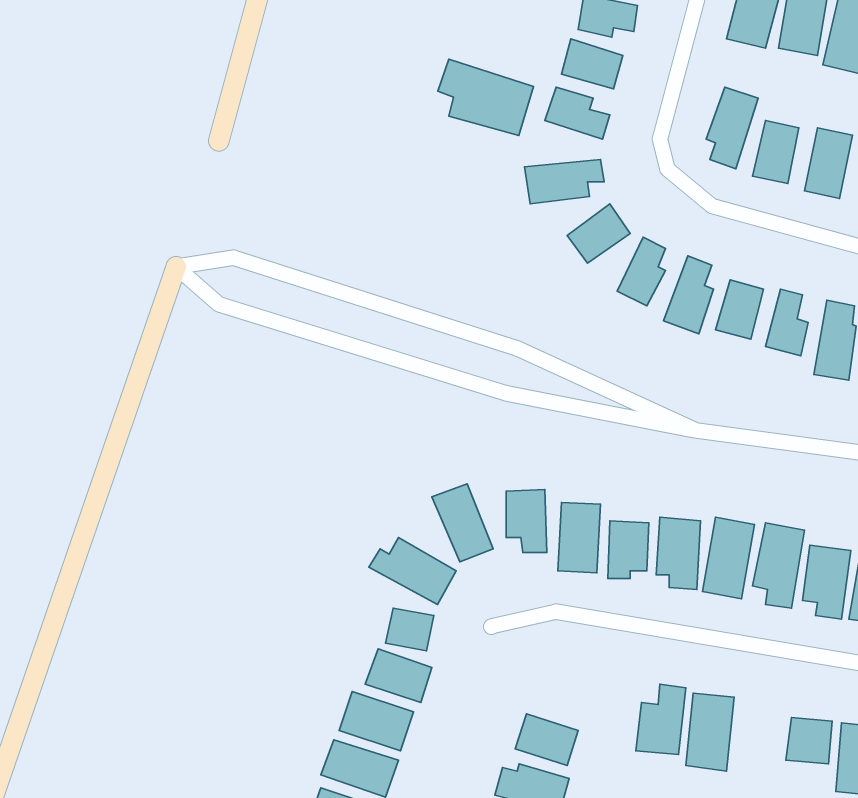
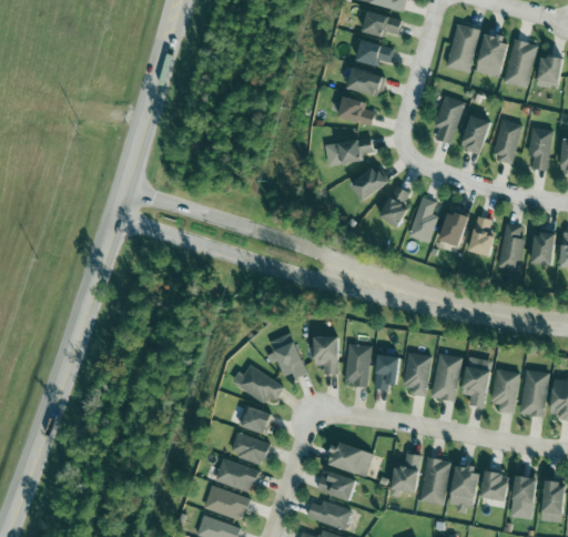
building: [438,59,533,135] -> none
building: none -> [327,442,374,477]
building: none -> [449,465,479,511]

